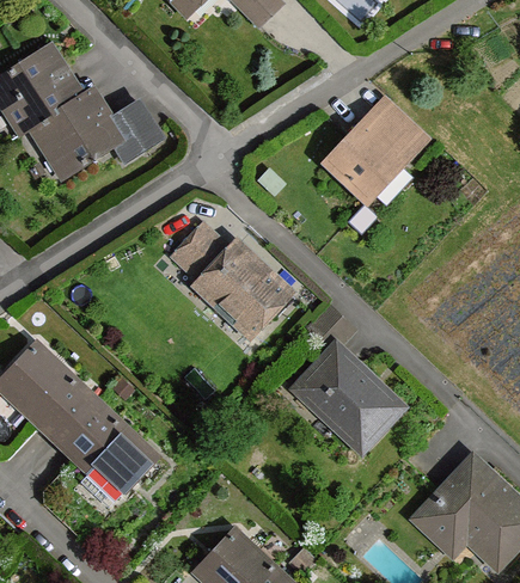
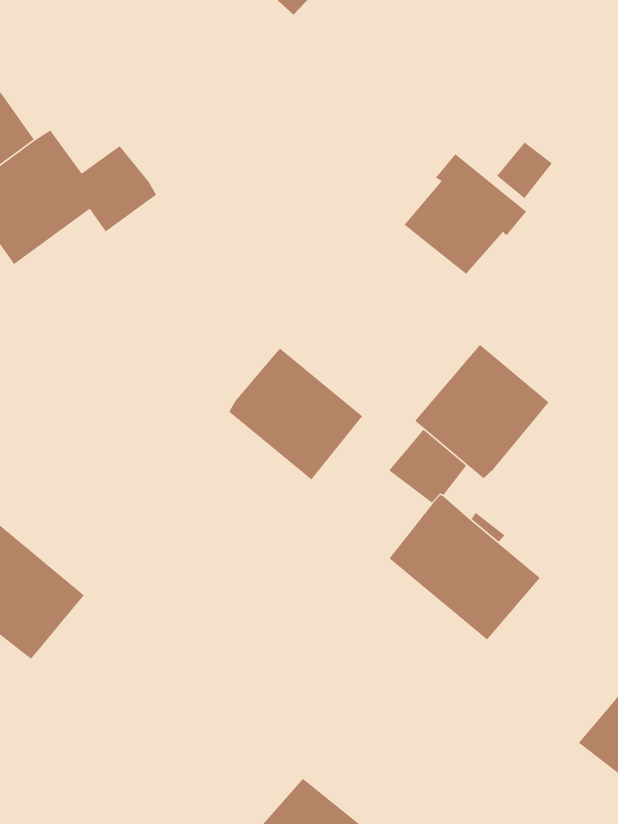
building: [359,97,429,165] -> none
building: [176,227,228,278] -> none
building: none -> [414,344,549,479]
building: [56,401,154,493] -> none

